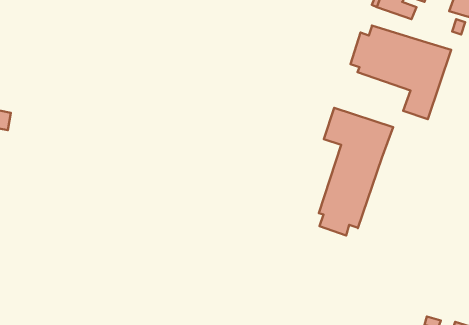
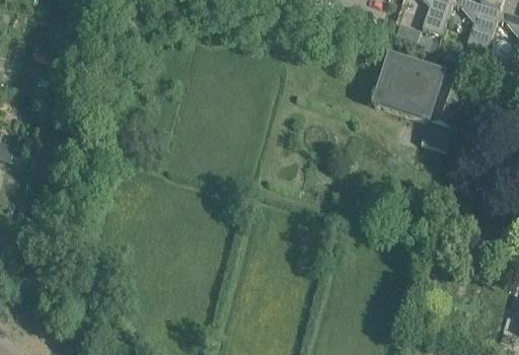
building: [319,108,393,235] -> none

